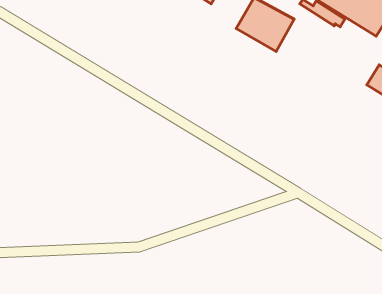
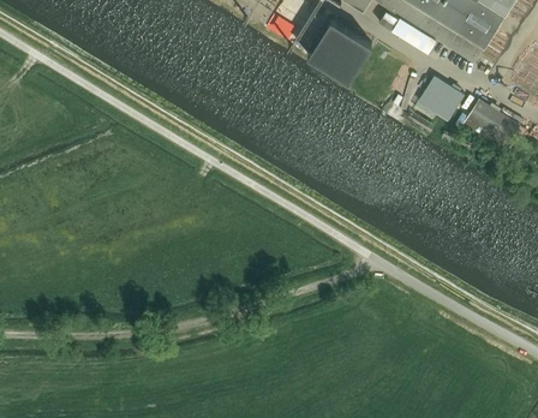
building: none -> [418,76,465,120]

